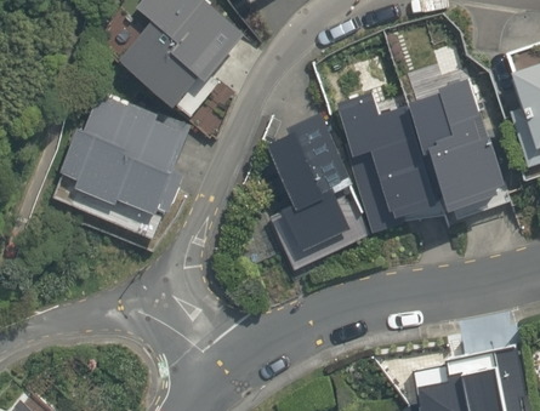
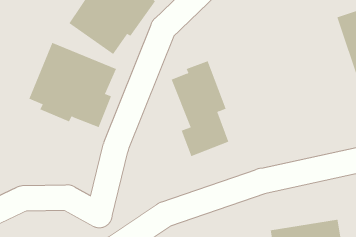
building: [403,67,510,207] -> none
building: [329,89,430,227] -> none

